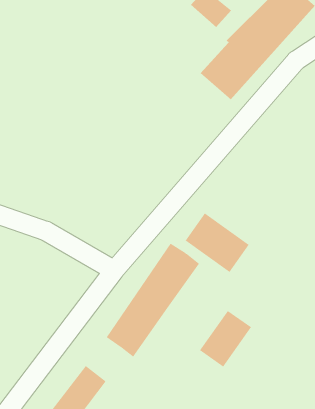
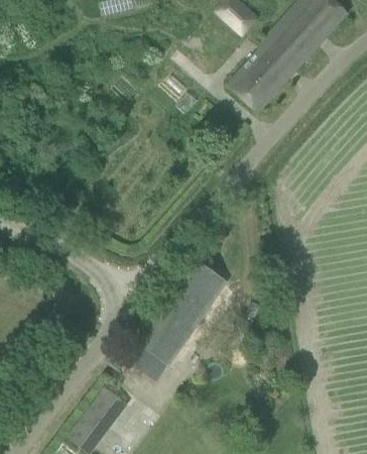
building: [185,213,249,273] -> none
building: [199,310,252,367] -> none

